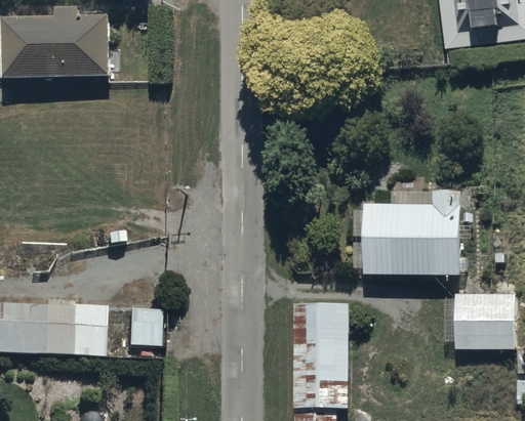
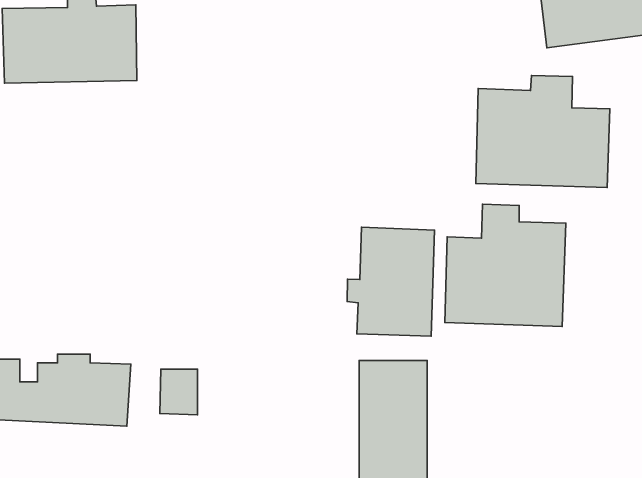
building: none -> [476,75,610,188]
building: none -> [347,227,435,336]
building: [453,293,515,349] -> none

